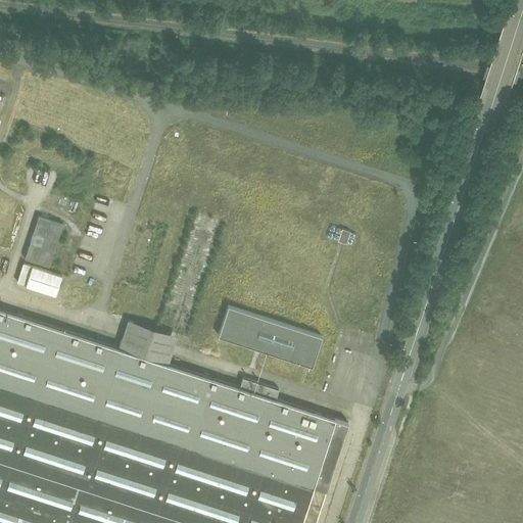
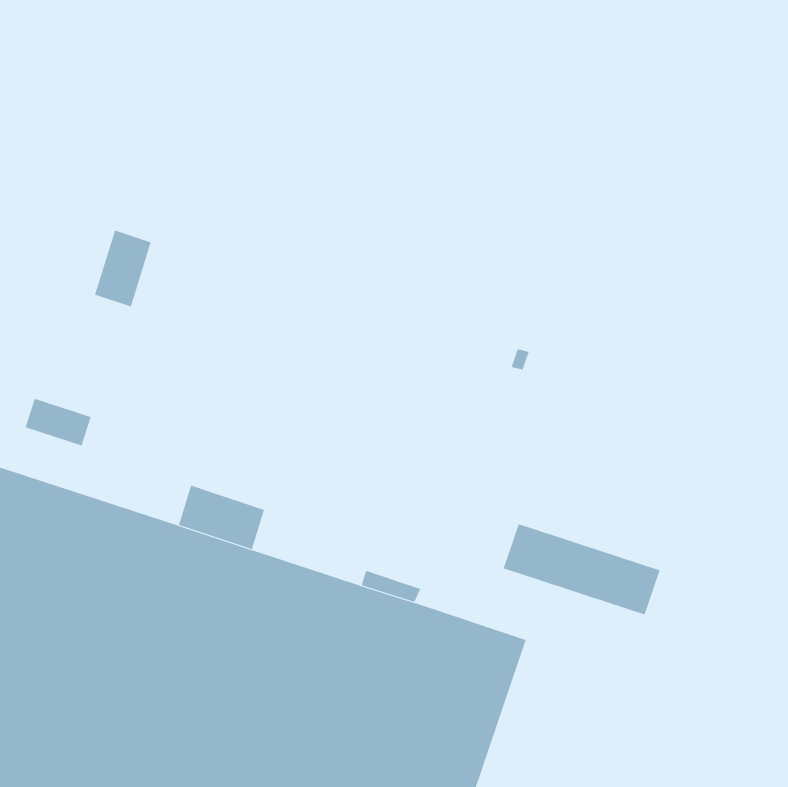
building: [23,218,61,269] -> [94,230,152,307]
building: [217,307,321,368] -> [503,524,661,615]

